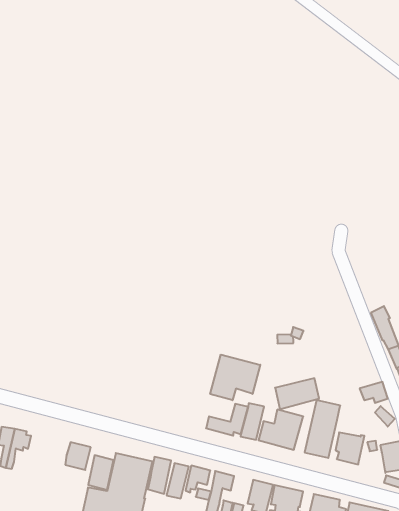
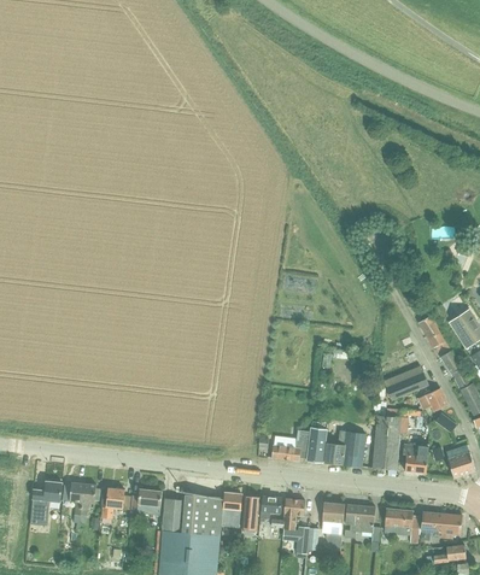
building: [210,355,260,400] -> none
building: [275,378,319,409] -> [384,364,428,399]
building: none -> [101,486,131,518]

